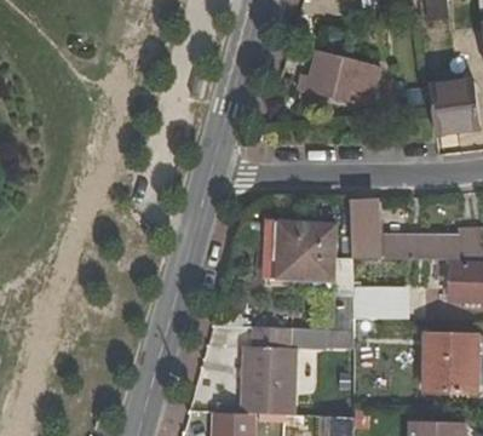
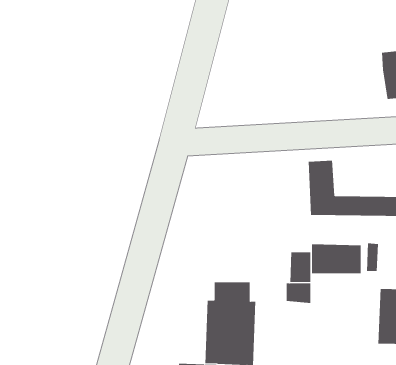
building: [295,48,380,105] -> none
building: [276,222,337,280] -> none

